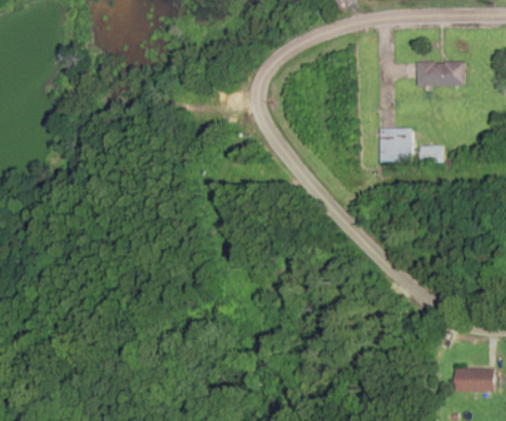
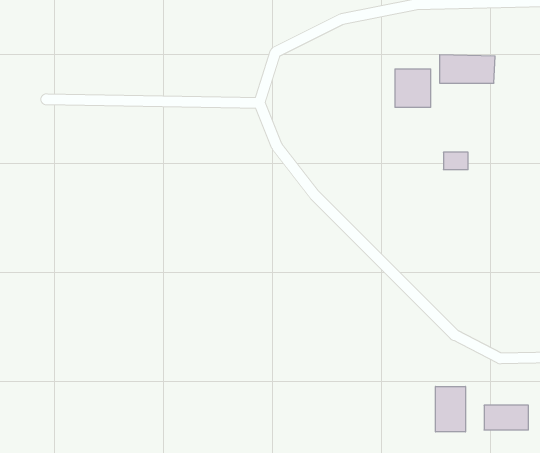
building: [380,128,412,162] -> [395,69,431,107]
building: none -> [436,386,465,432]

